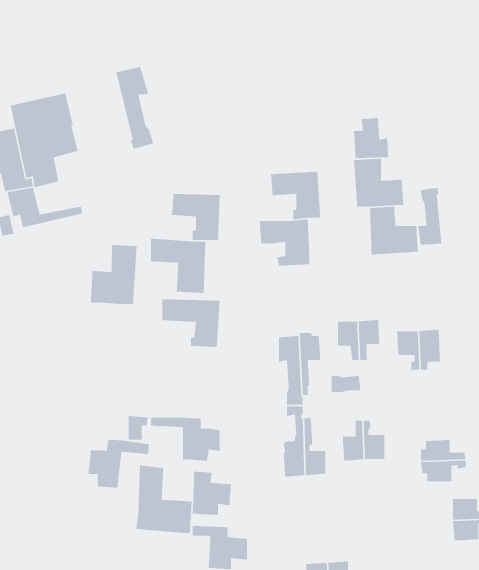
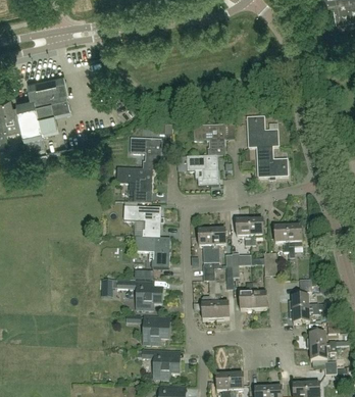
building: [114,66,154,150] -> none
building: [353,117,389,159] -> none
building: [417,187,442,247] -> none
building: [90,244,137,305] -> none
building: none -> [135,236,170,267]
building: [87,439,150,489] -> none
building: [136,464,192,534] -> none

